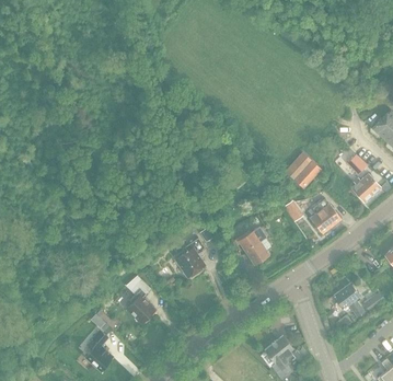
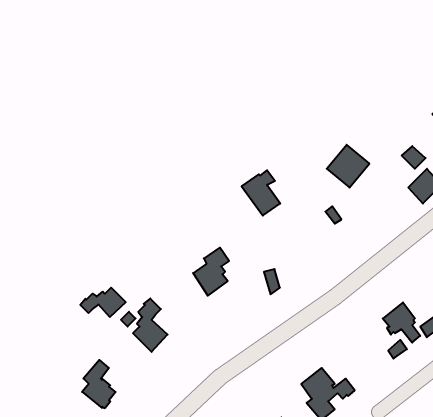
building: [310,198,342,233] -> none
building: [236,227,268,264] -> [242,170,280,216]
building: none -> [80,288,126,317]

